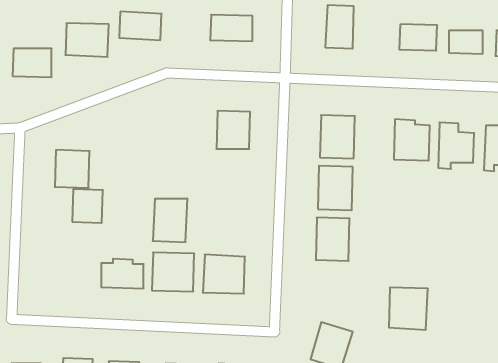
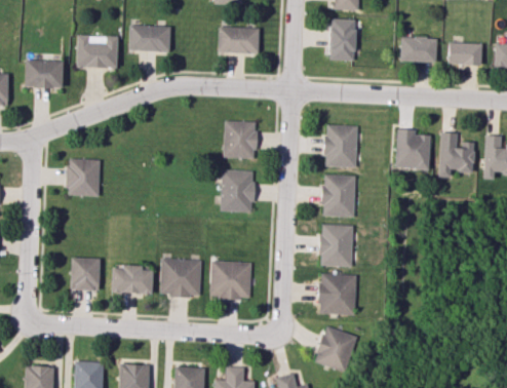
building: [72,189,103,223] -> [71,258,101,290]
building: [153,199,188,242] -> [221,170,255,212]
building: [389,287,428,330] -> [319,274,357,315]

